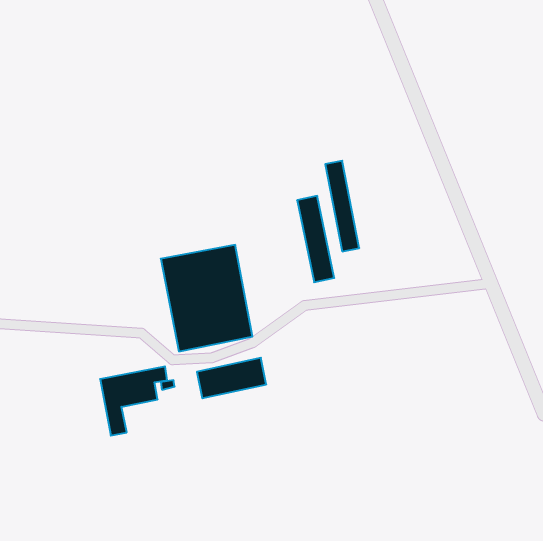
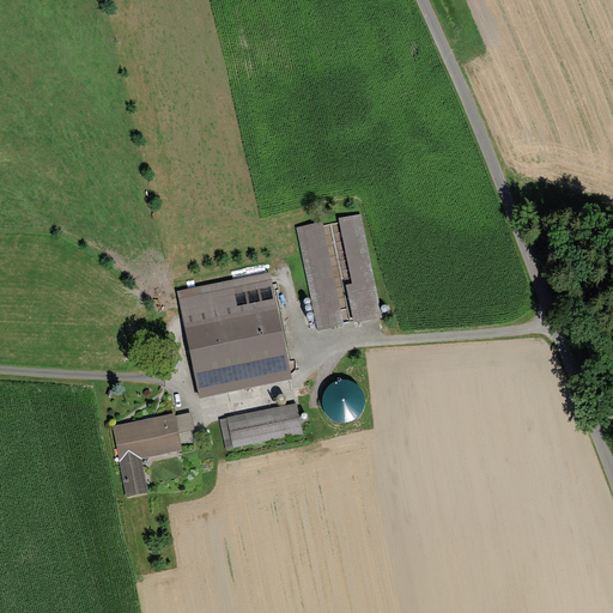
building: [325,161,359,251] -> [298,224,336,326]
building: none -> [328,384,358,415]

